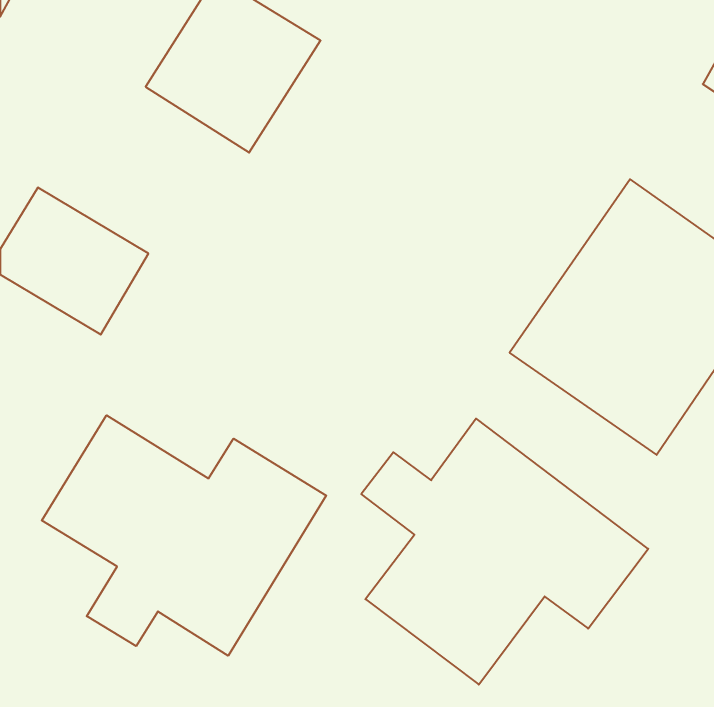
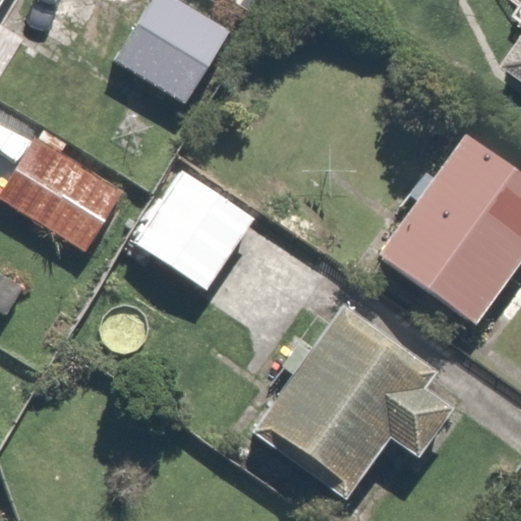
building: none -> [137,172,252,282]
building: [42,415,326,656] -> none

